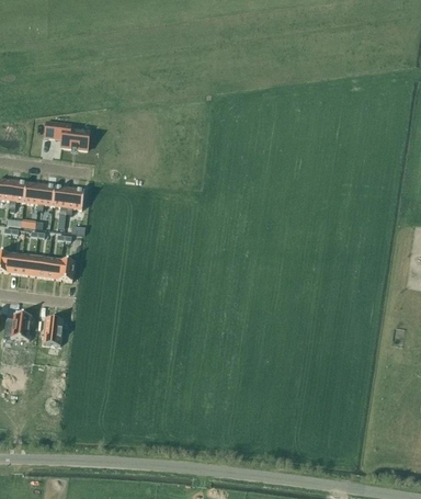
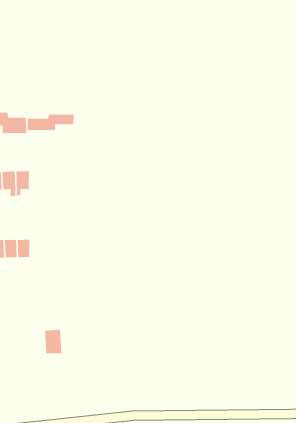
building: none -> [27,114,75,131]
building: [43,317,62,344] -> [44,329,62,354]

